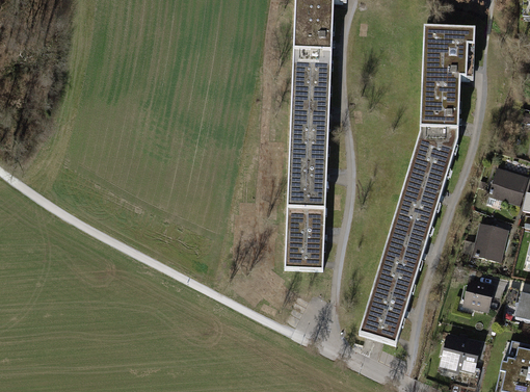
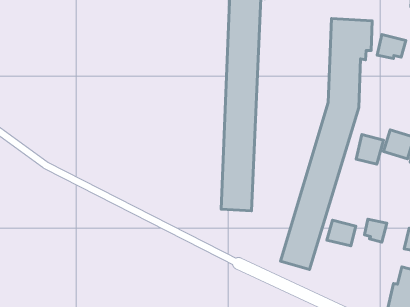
building: none -> [377,34,406,58]
building: [473,223,507,260] -> [356,134,383,164]
building: [442,336,478,368] -> [327,220,356,246]

